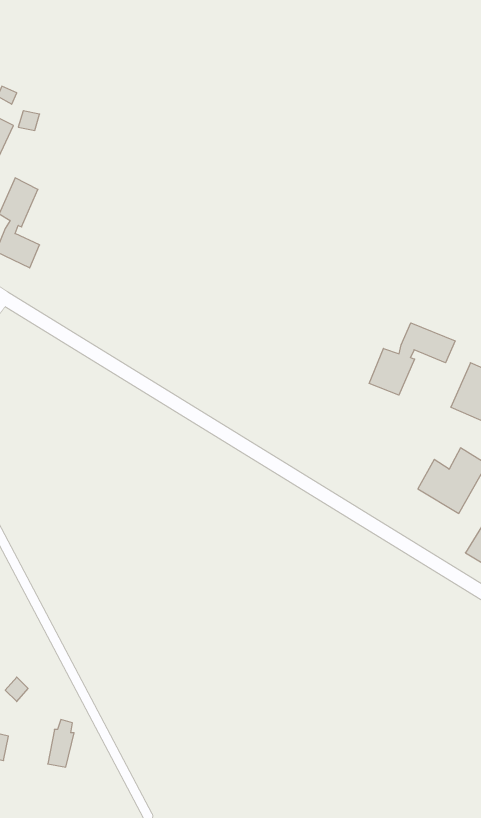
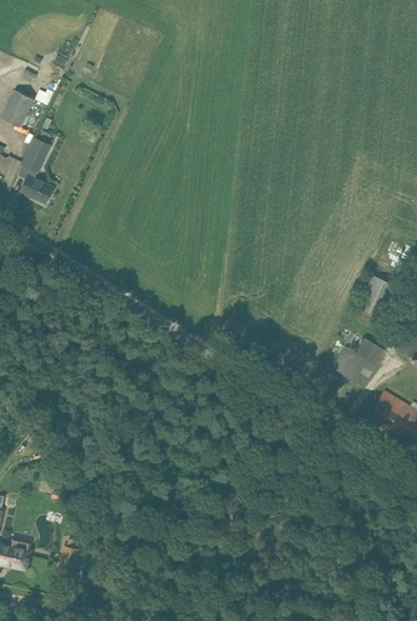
building: [369,323,455,395] -> none

